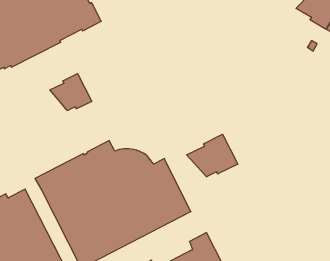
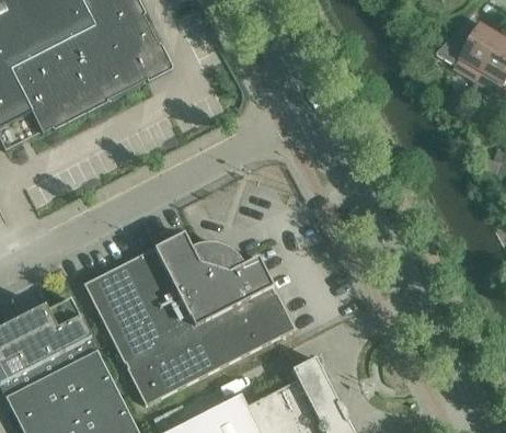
building: [50,74,92,110] -> none
building: [187,134,238,177] -> none

